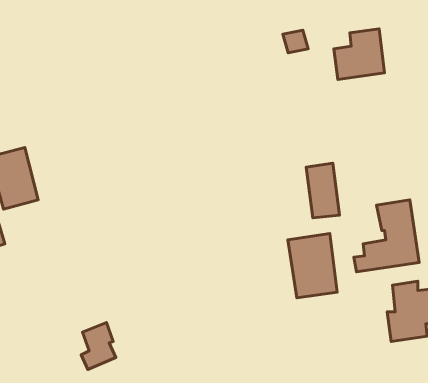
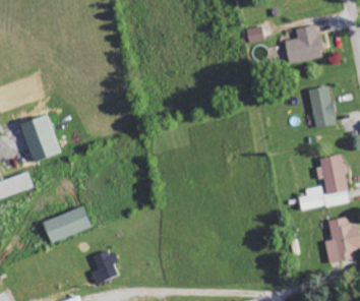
building: [306,163,339,218] -> [310,85,336,127]
building: [288,234,337,298] -> none
building: none -> [44,205,92,243]

